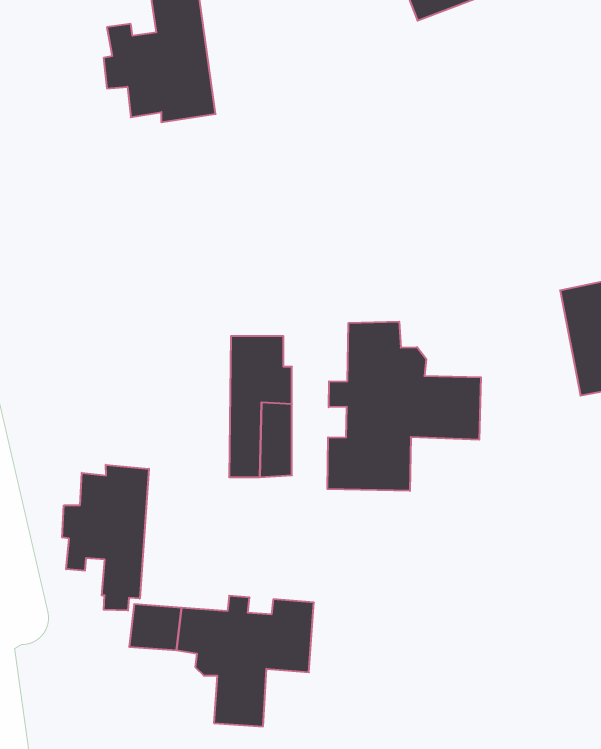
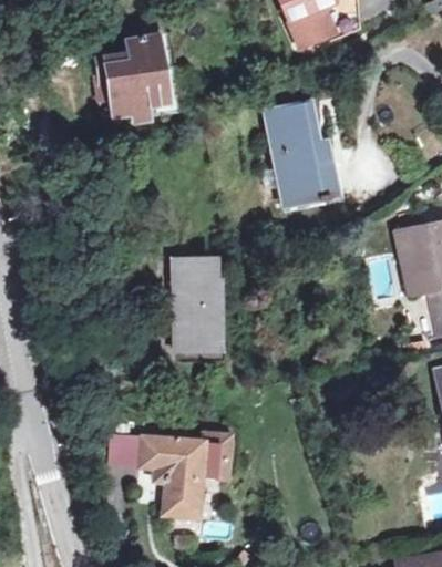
building: none -> [265,106,338,207]
building: [327,322,481,491] -> none
building: [62,465,149,611] -> none

